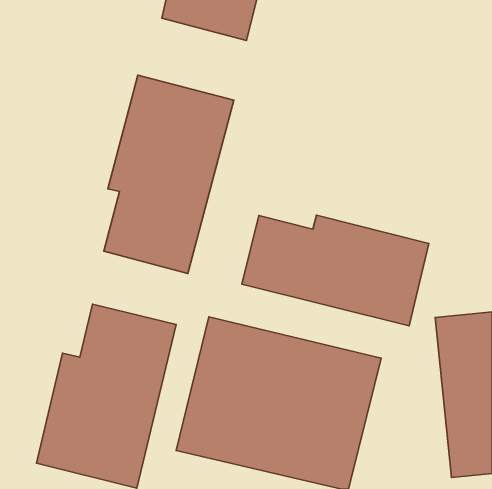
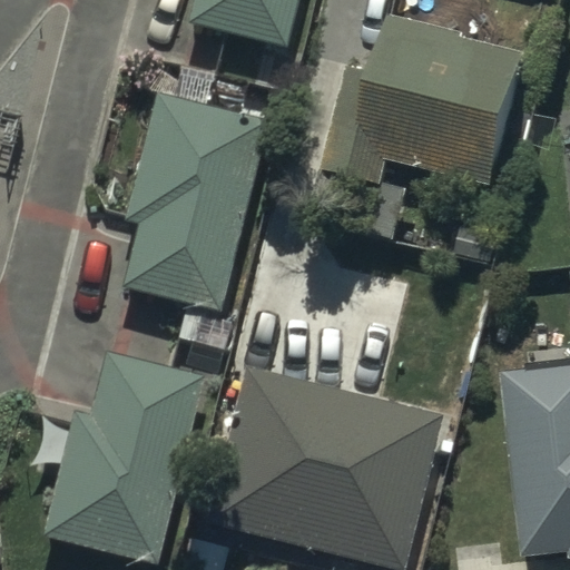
building: none -> [328,11,535,185]
building: [242,215,429,326] -> none

